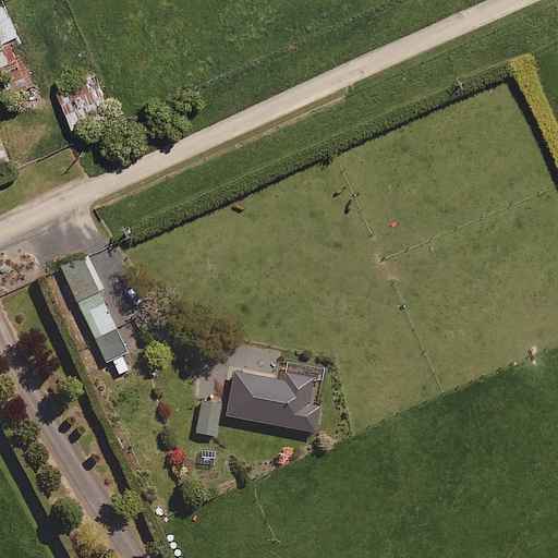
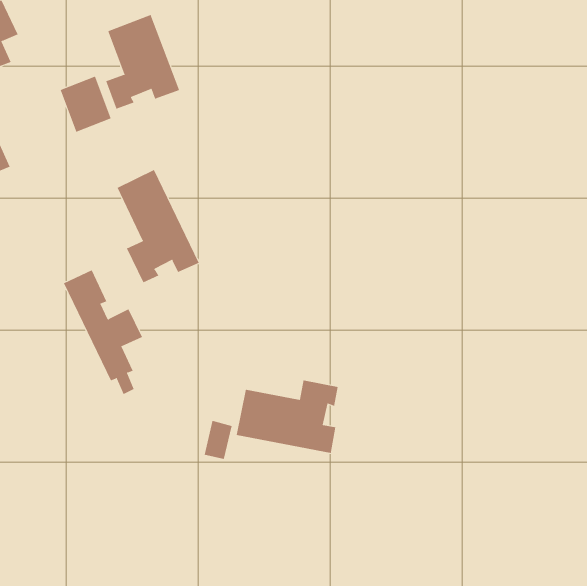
building: none -> [105,14,180,109]
building: none -> [117,169,200,283]

